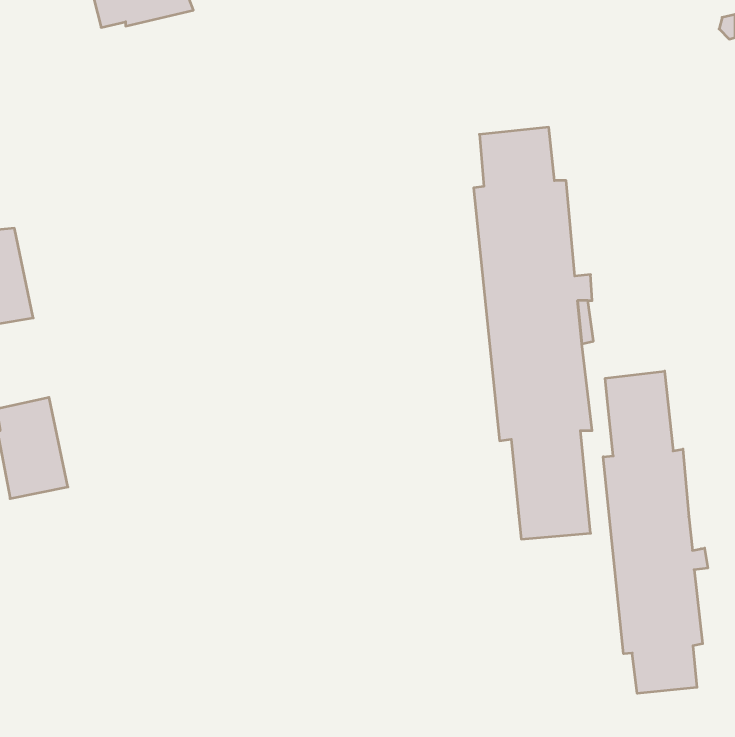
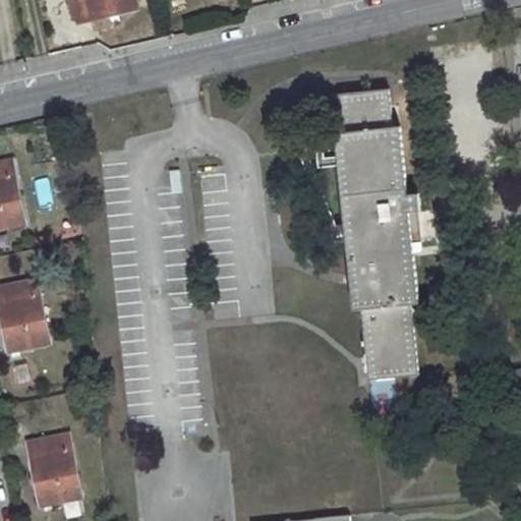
building: [603,371,708,693] -> none
building: none -> [28,435,80,505]

